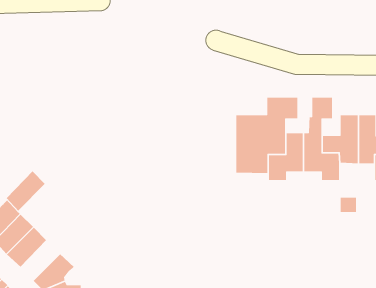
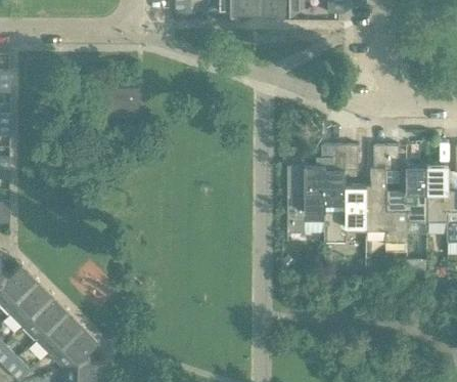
building: none -> [108,89,139,118]
building: [6,171,46,211] -> [37,311,83,358]

